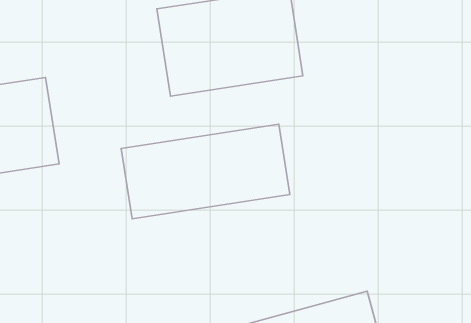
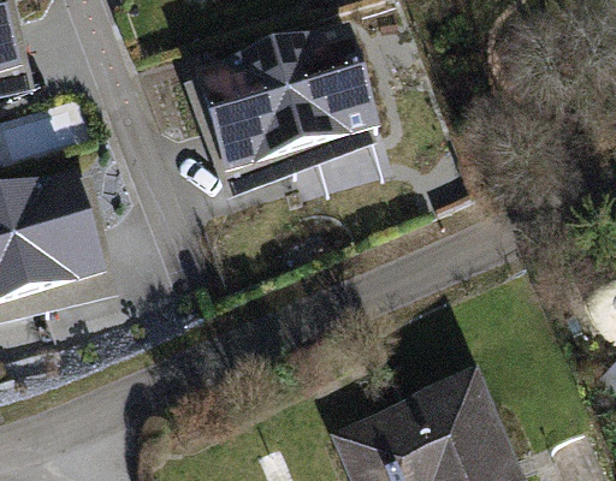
building: [121,124,290,219] -> none

